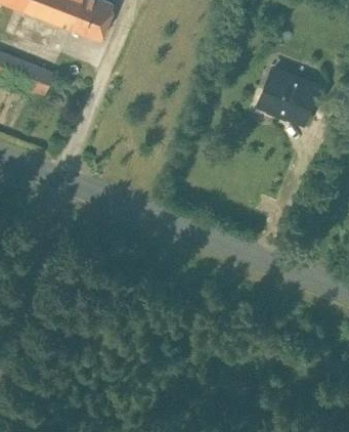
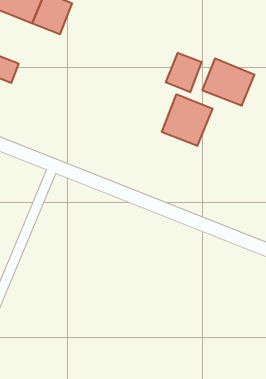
building: none -> [166,53,202,92]
building: none -> [162,94,213,146]

